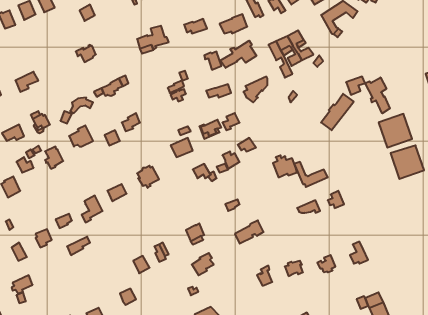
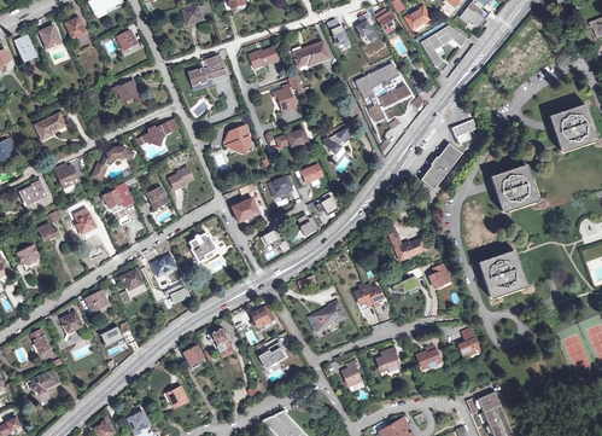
building: [220,41,256,68] -> none
building: [365,77,390,113] -> none
building: [391,145,424,179] -> [481,252,524,295]
building: [273,155,297,177] -> [355,281,385,309]

